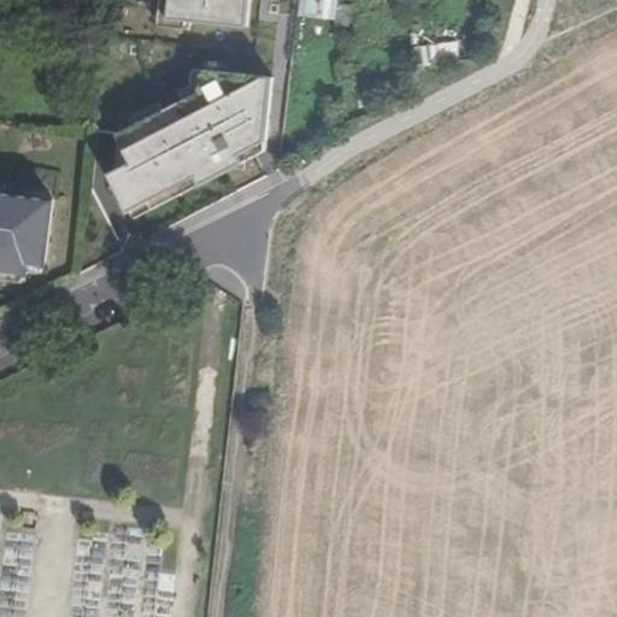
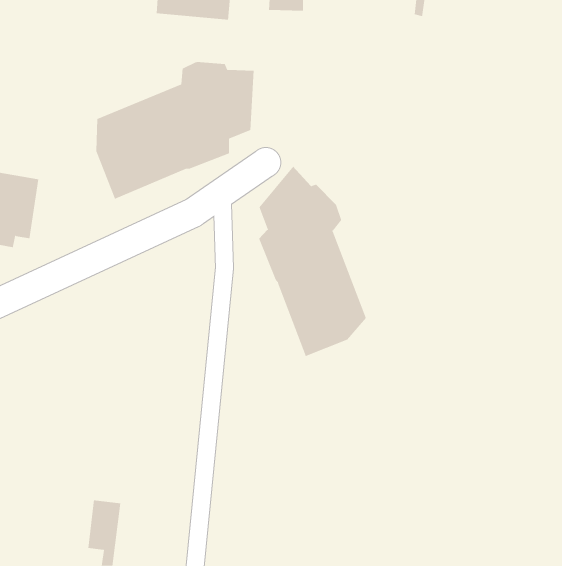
building: none -> [258,166,367,357]

